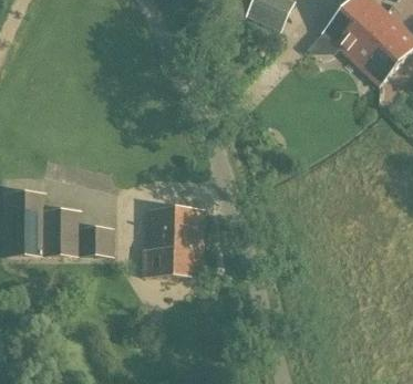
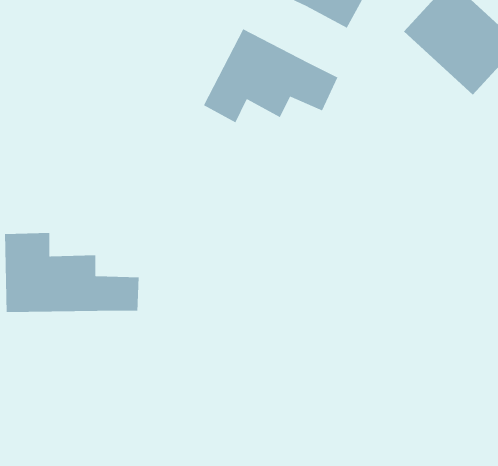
building: none -> [203,28,339,123]
building: [145,209,202,276] -> none

